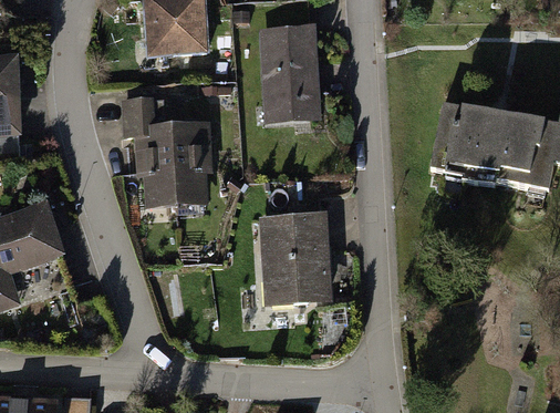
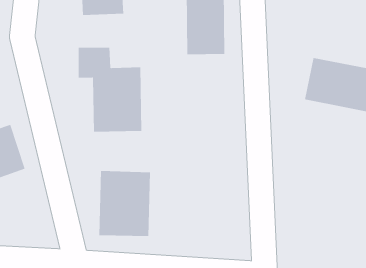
building: [270,213,338,298] -> [99,170,151,236]

